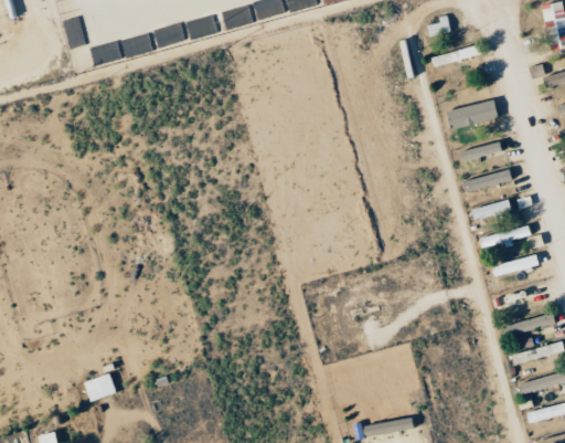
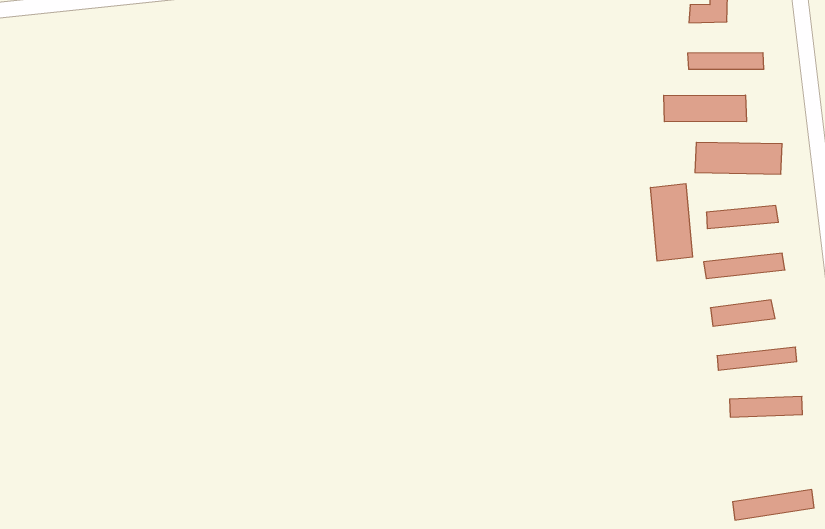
building: none -> [664,95,746,122]
building: none -> [651,184,693,261]
building: [84,372,117,402] -> none

